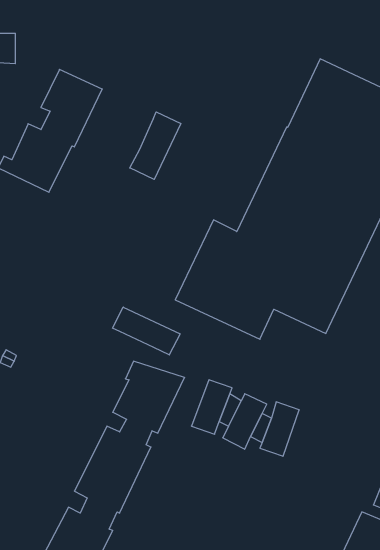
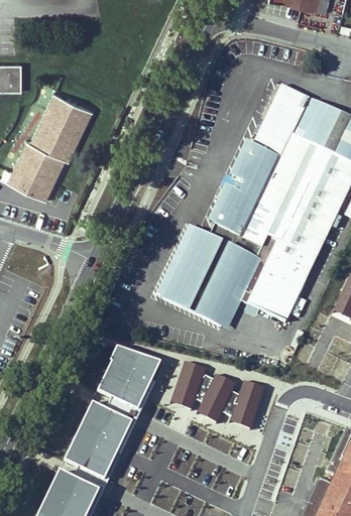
building: [130,112,181,179] -> none
building: [113,307,180,355] -> none

